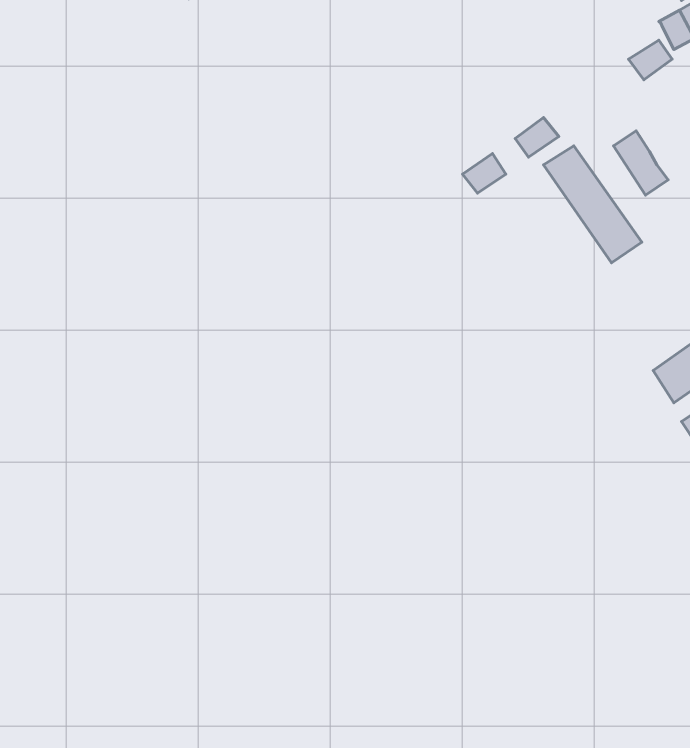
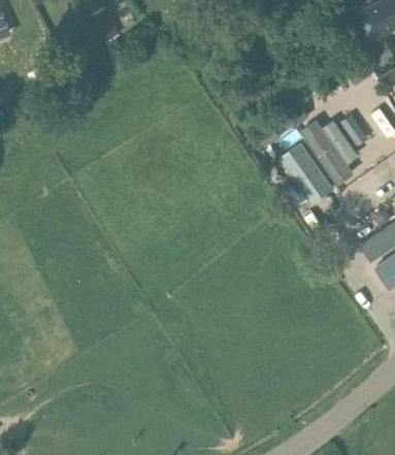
building: none -> [281,142,336,205]

